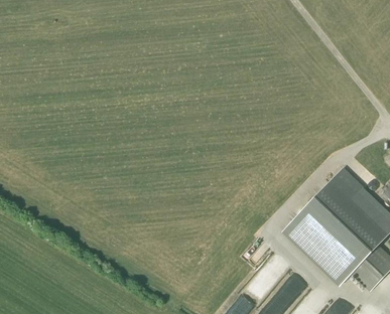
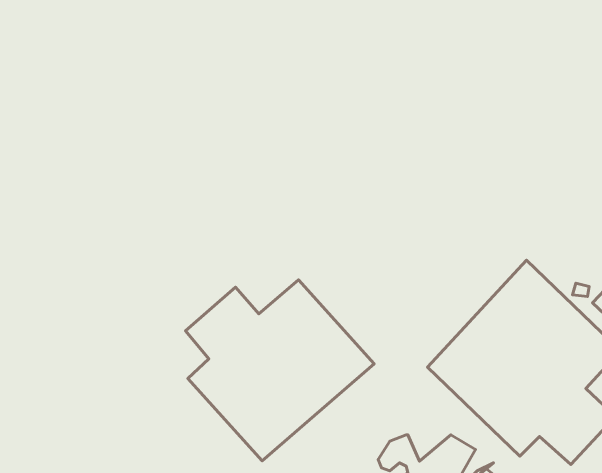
building: none -> [186,280,374,461]

